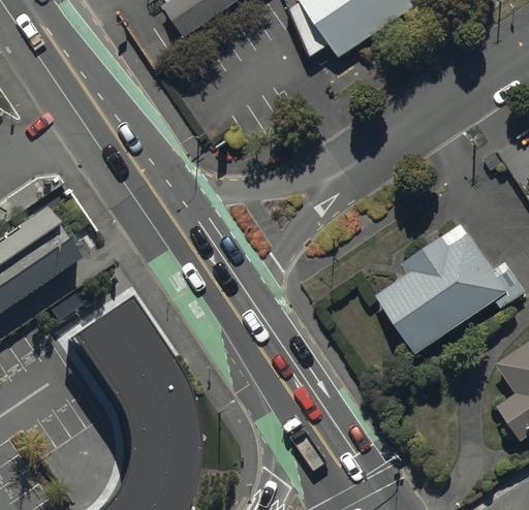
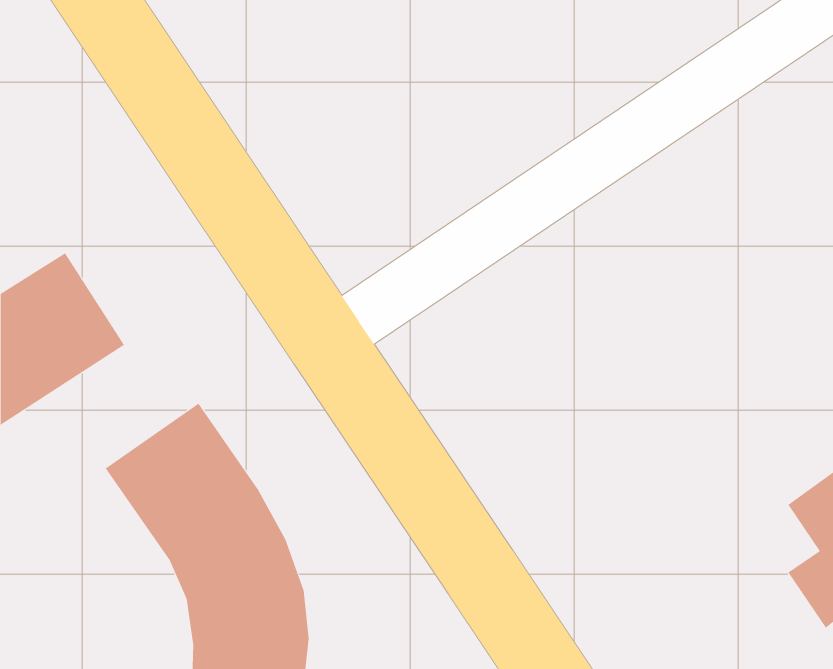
building: [378,222,509,352] -> none

